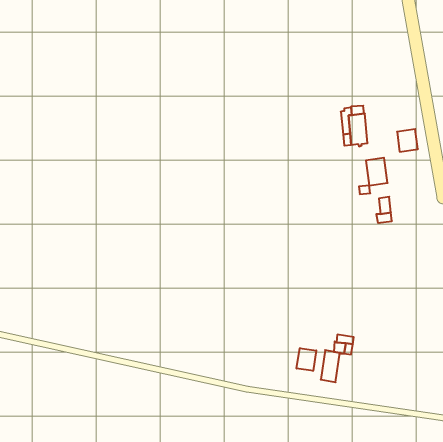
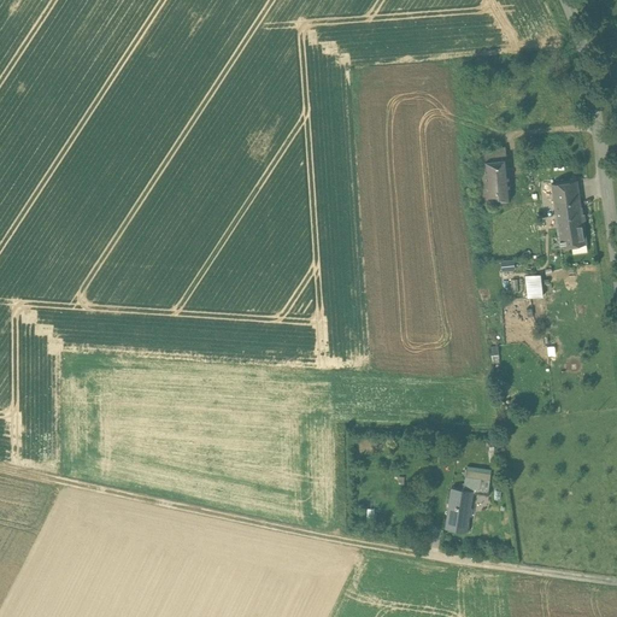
building: [366,158,388,185] -> [556,208,586,247]
building: [297,348,316,371] -> none

